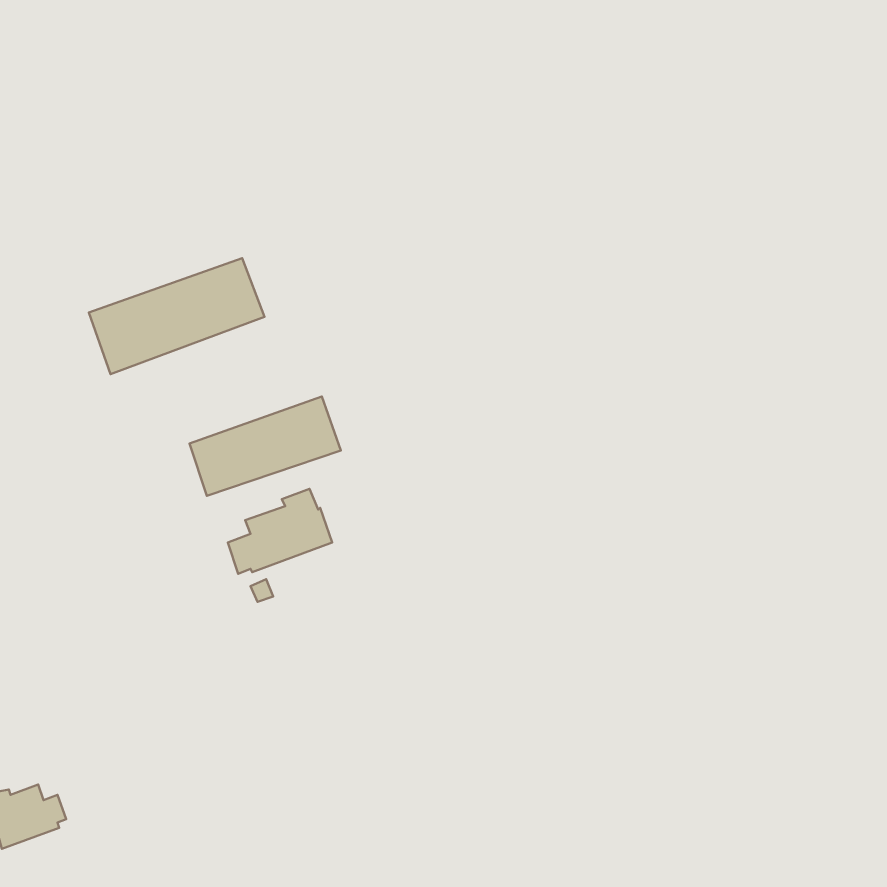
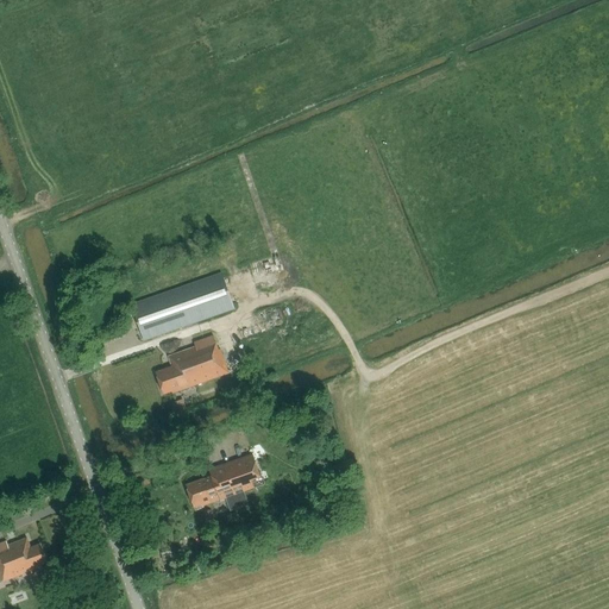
building: [89,258,264,374] -> none
building: none -> [186,458,263,504]

